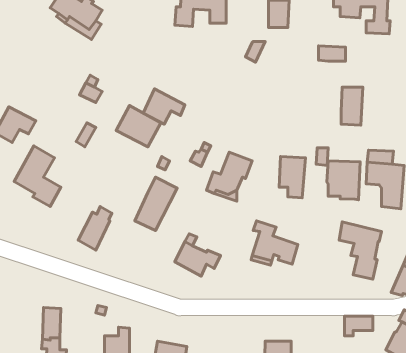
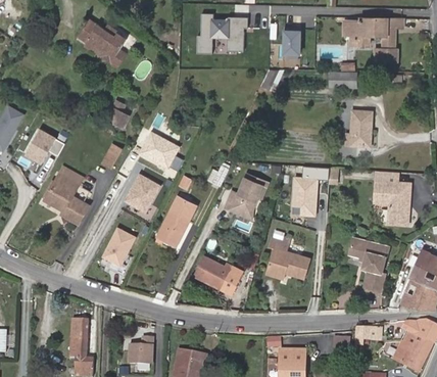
building: [143,89,185,124] -> none
building: none -> [125,172,161,211]
building: [327,161,360,200] -> none

